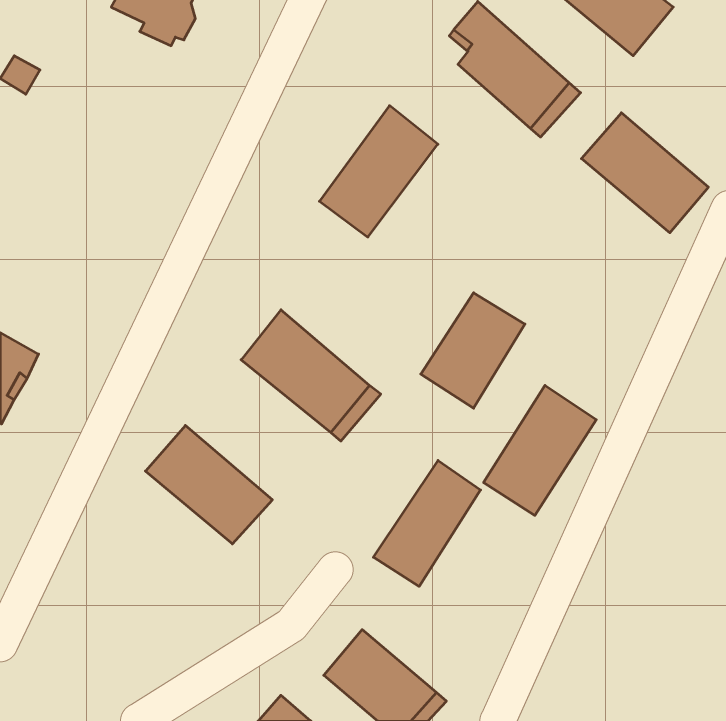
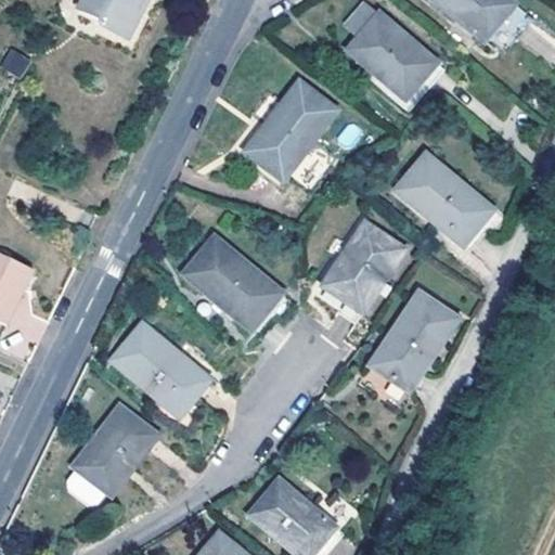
building: [581,113,708,233] -> [395,155,491,246]
building: [373,460,481,586] -> none
building: none -> [67,404,156,502]

